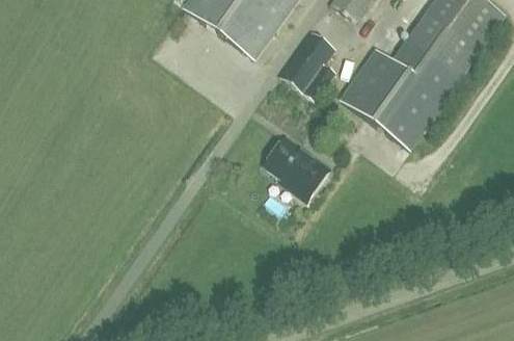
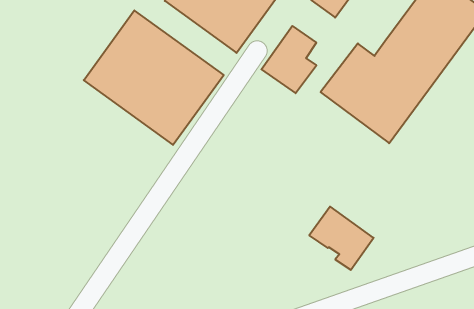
building: none -> [84,10,224,145]
building: [266,136,330,200] -> [309,207,374,270]

